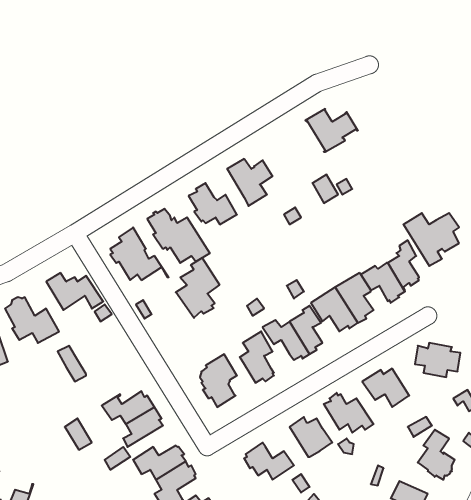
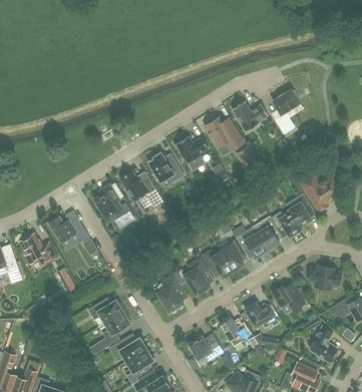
building: none -> [272,88,299,133]
building: none -> [205,116,243,149]
building: [176,258,219,318] -> none

